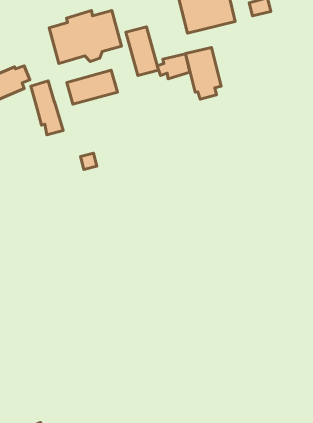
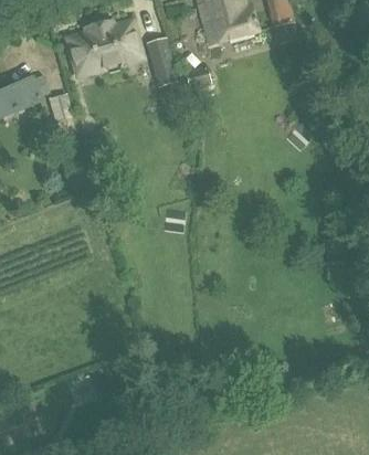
building: [185,47,221,99] -> none
building: [67,70,117,104] -> none

